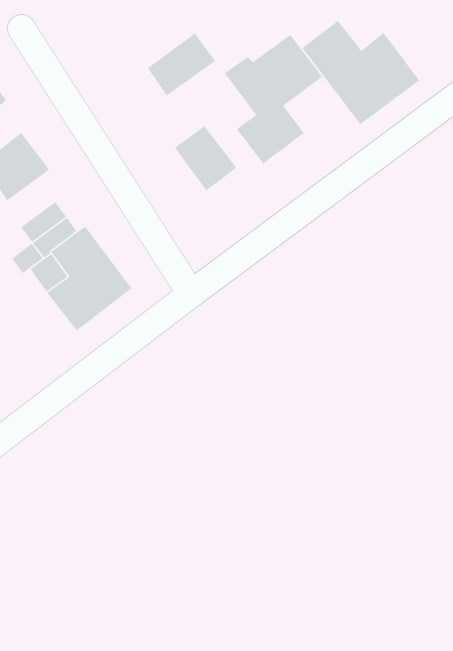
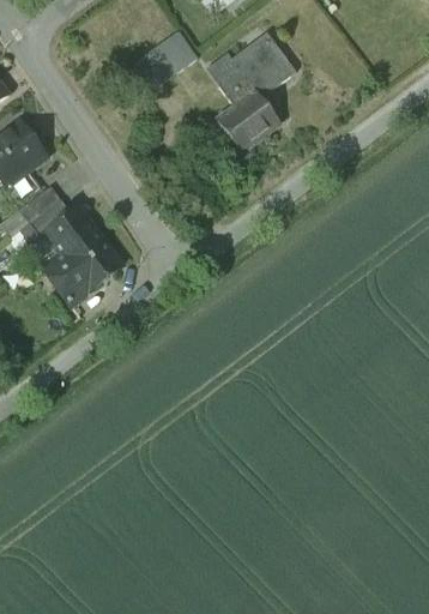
building: [302,20,420,125] -> none
building: [174,125,238,192] -> none

